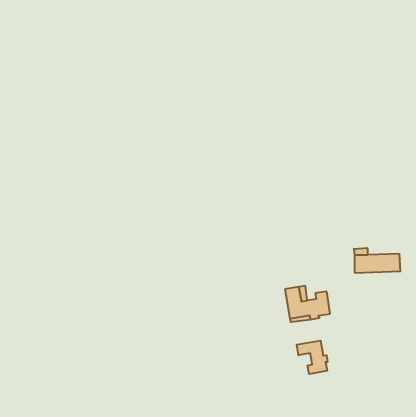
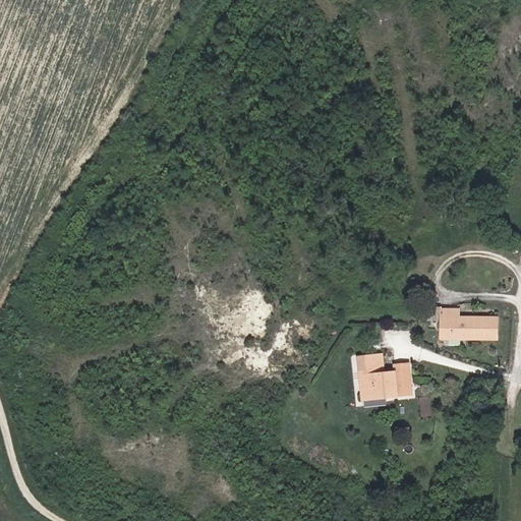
building: [297,341,327,374] -> none

